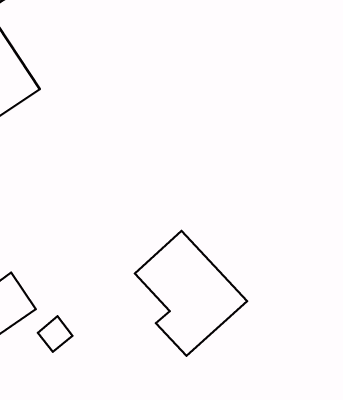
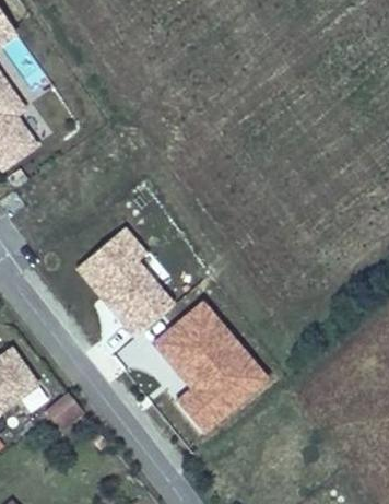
building: none -> [74,227,178,339]

